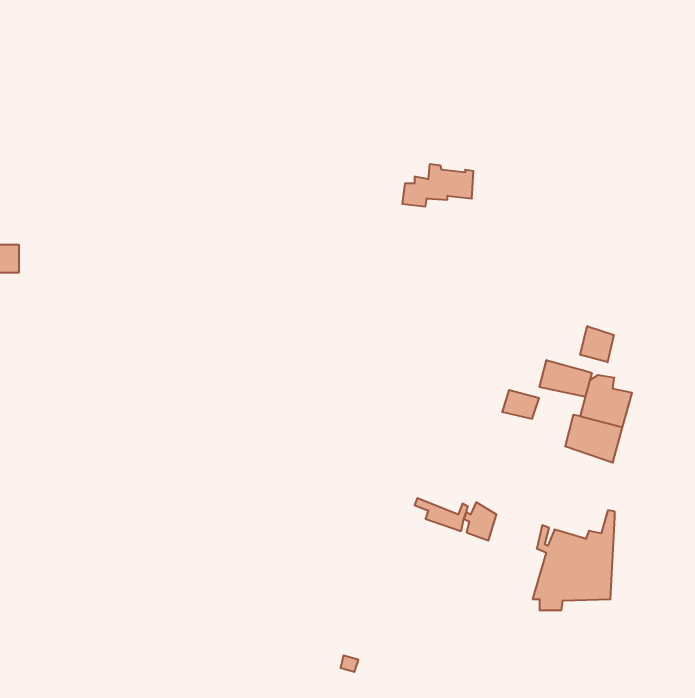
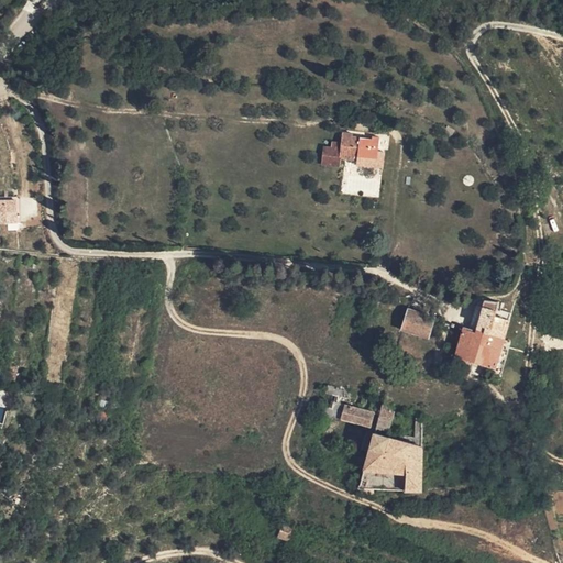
building: [580,326,614,362] -> none
building: [539,360,592,397] -> none
building: [533,510,615,610] -> [355,418,421,498]

